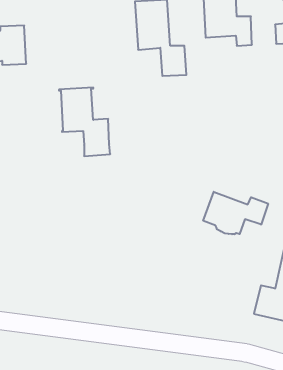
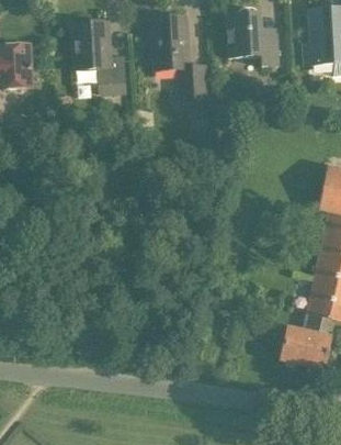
building: [59,88,110,156] -> [71,20,127,94]
building: [203,192,268,234] -> none

